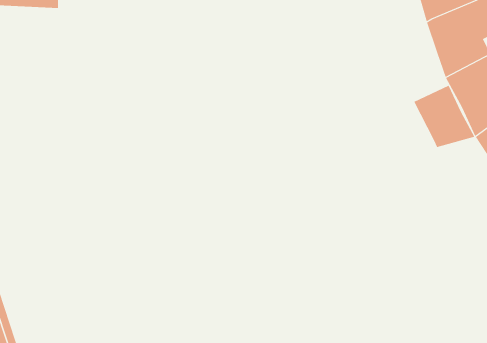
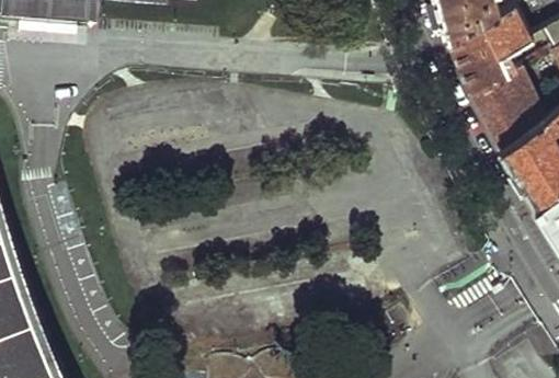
building: [414,85,475,148] -> none

